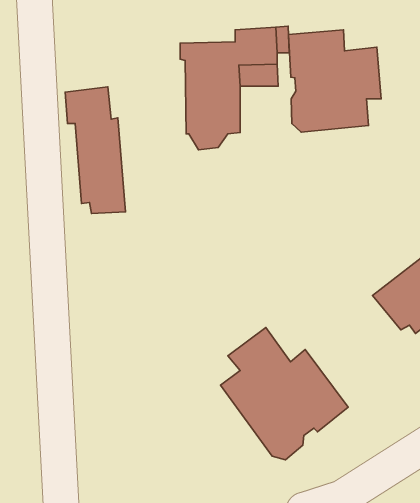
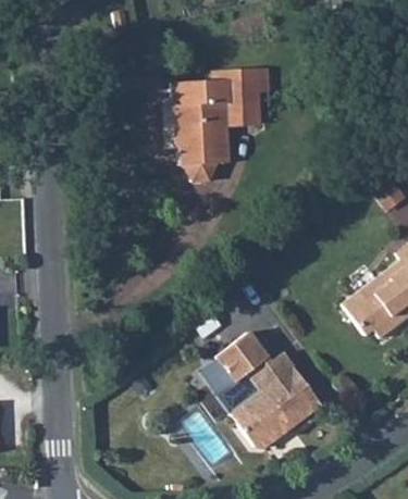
building: [288,30,381,132] -> none
building: [65,87,126,213] -> none

